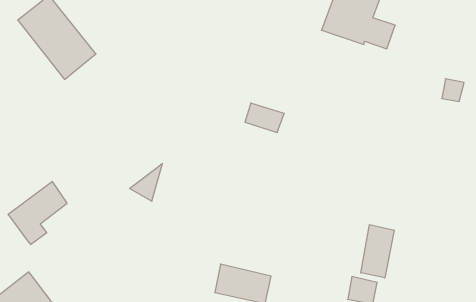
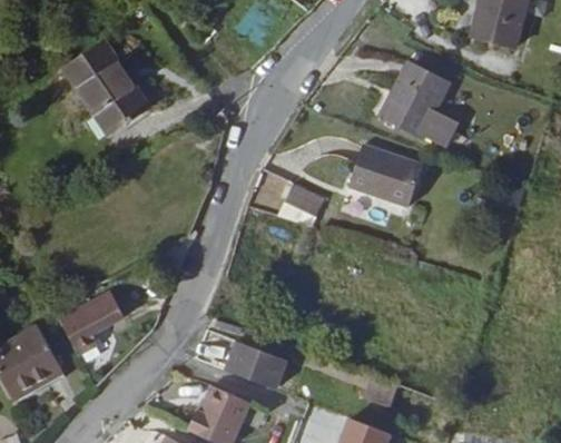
building: none -> [347,145,422,209]
building: [8,182,67,244] -> [55,294,118,356]
building: [361,225,394,278] -> none

